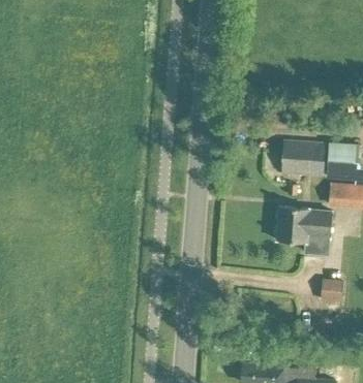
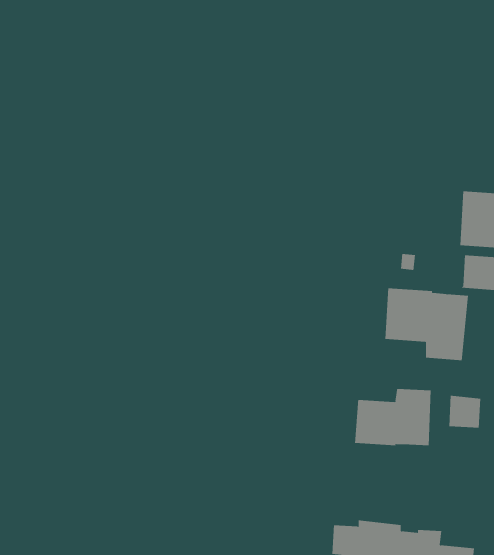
building: [281,141,325,177] -> none
building: none -> [354,388,431,446]

